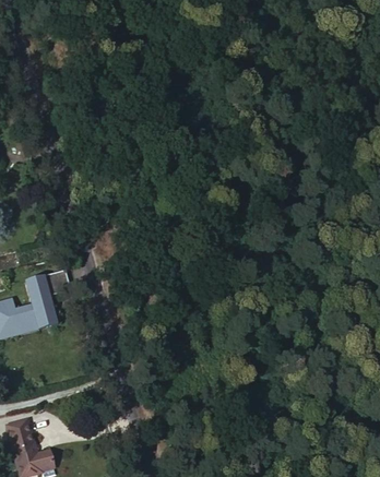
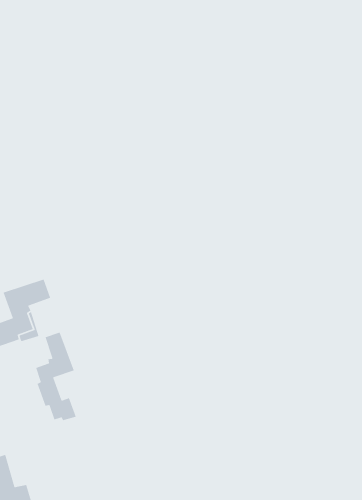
building: none -> [35,331,77,421]

